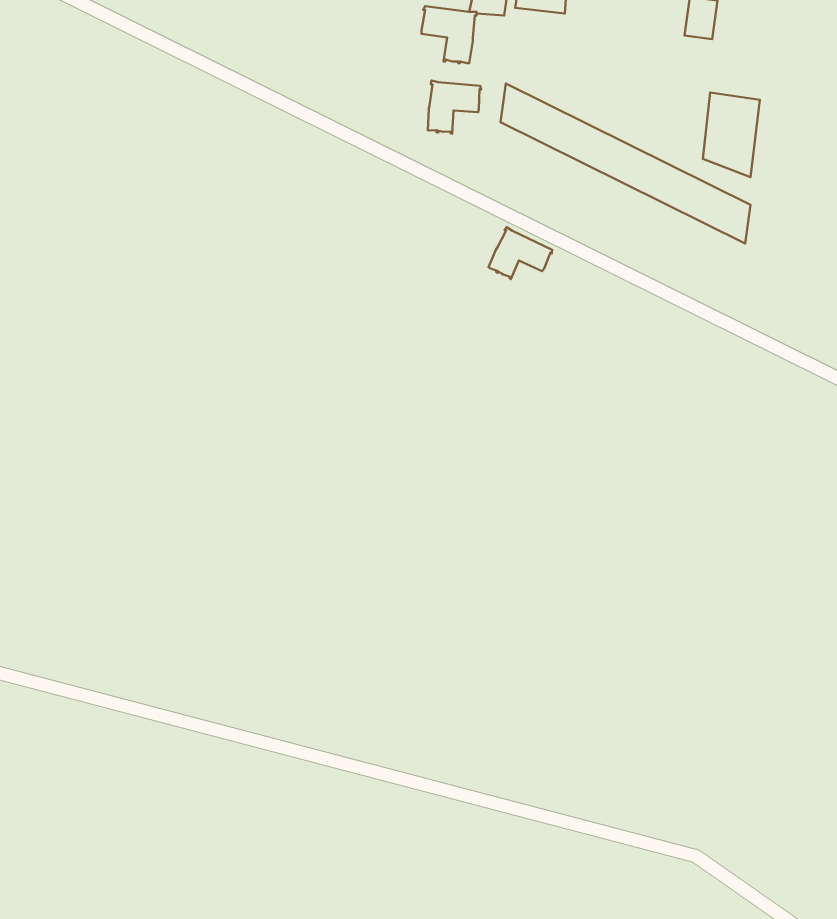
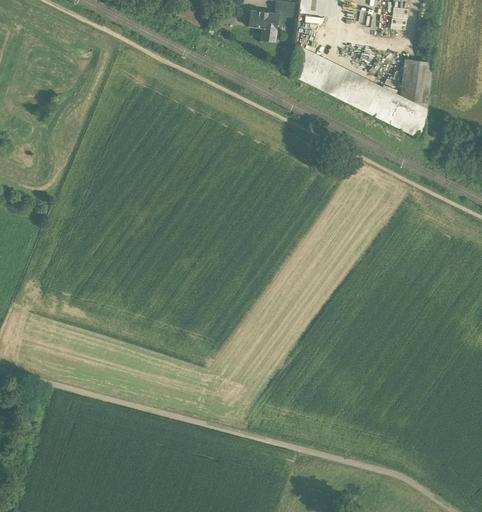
building: [428,81,481,134] -> none
building: [488,227,552,279] -> none

